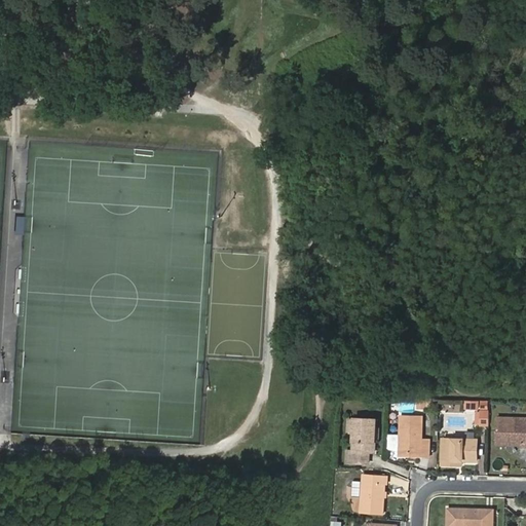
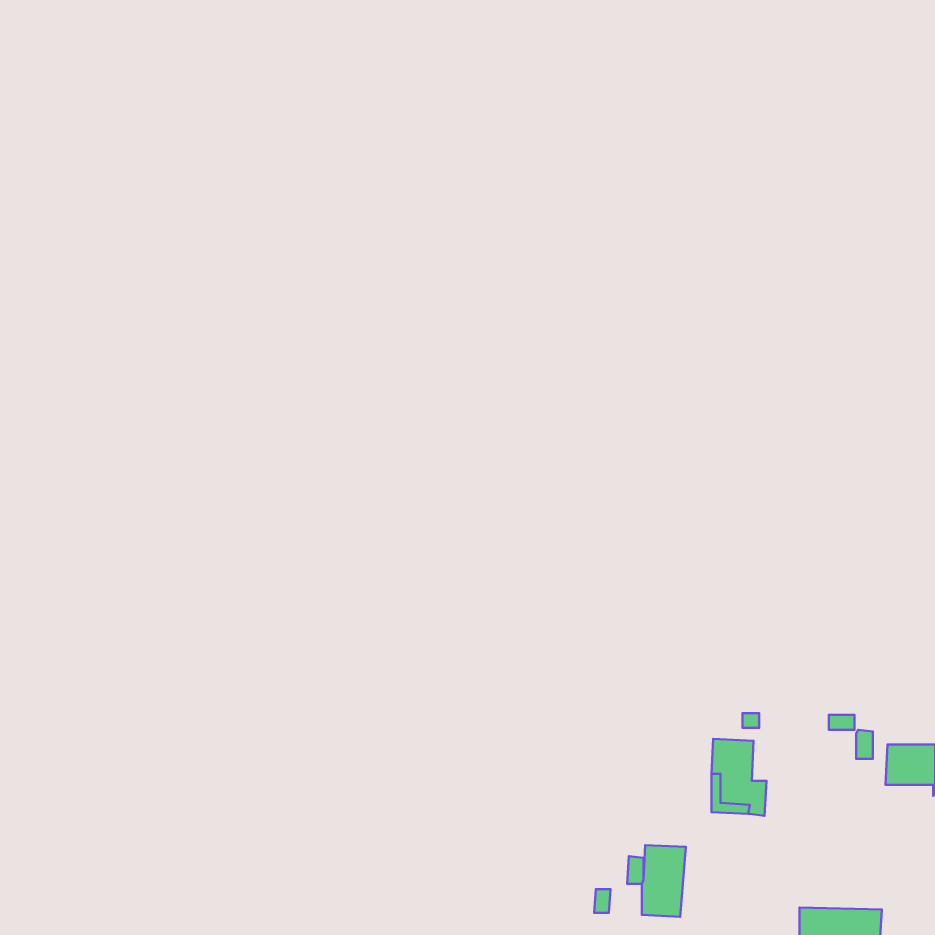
building: [351,417,376,463] -> none
building: [441,439,477,465] -> none

